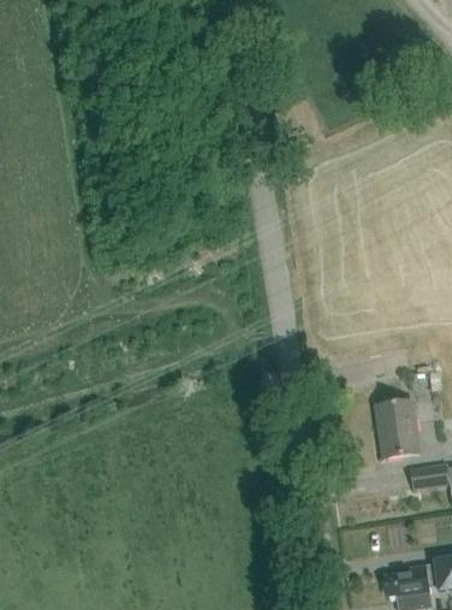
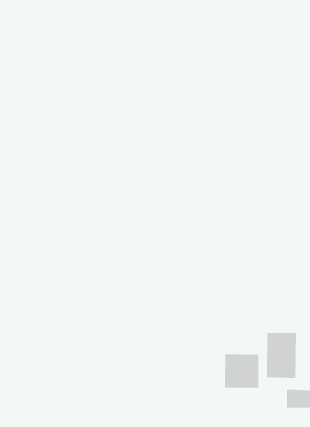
building: none -> [224,354,259,389]

